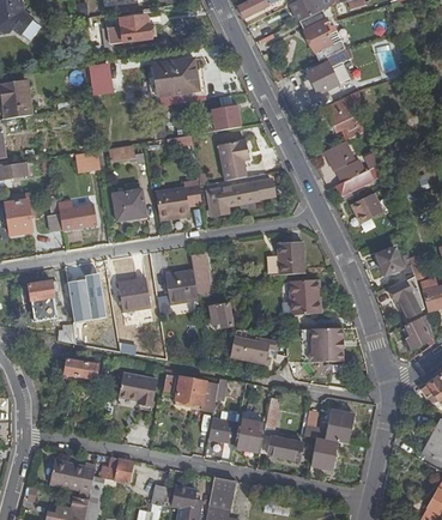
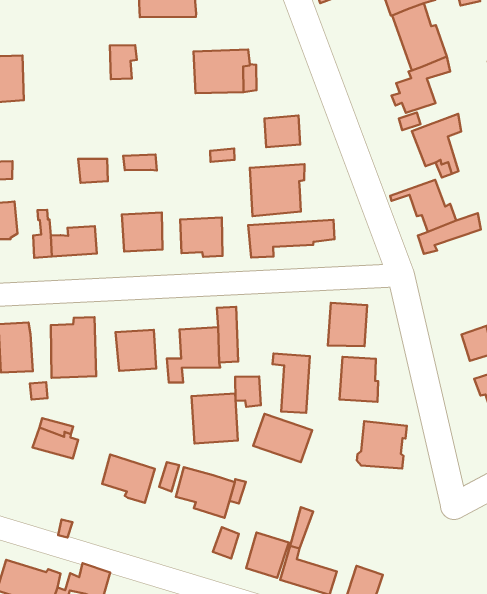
building: [351,191,387,222] -> none
building: none -> [273,354,310,413]
building: none -> [192,393,238,443]
building: [304,409,353,443] -> none

